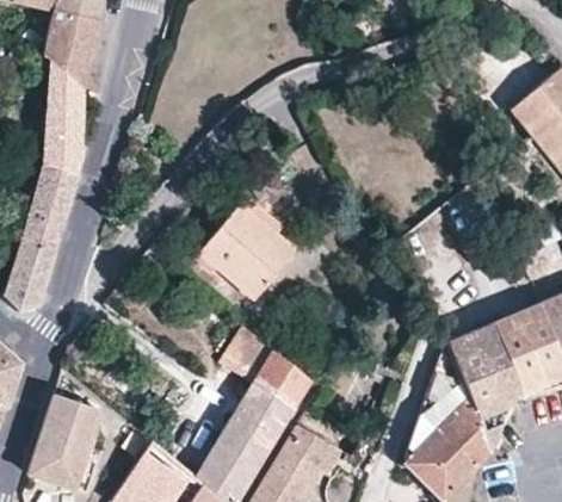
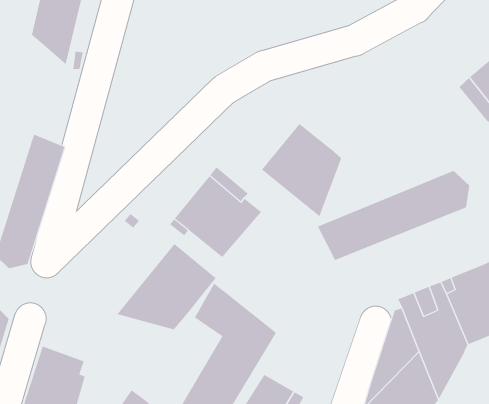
building: [44,62,80,176] -> none
building: none -> [261,123,342,217]
building: none -> [317,170,470,261]
building: none -> [116,243,216,330]

